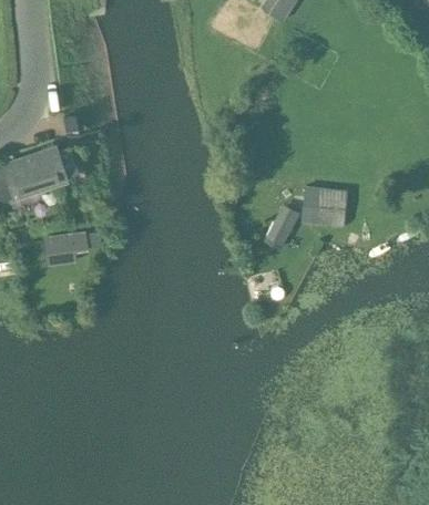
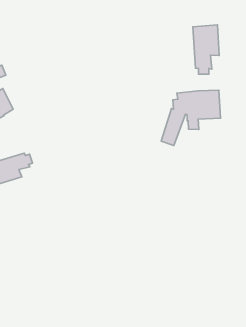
building: none -> [193,25,219,74]

